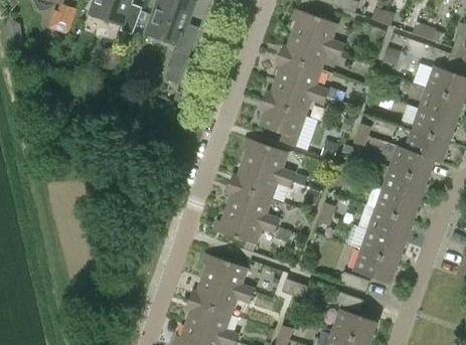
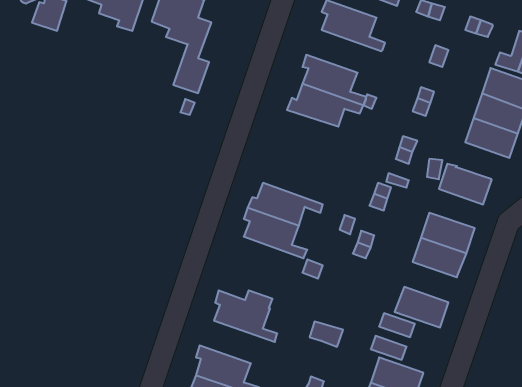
building: [278,33,349,69] -> none
building: [259,101,305,146] -> none
building: [404,128,449,163] -> none
building: [242,137,309,185] -> none
building: [381,167,427,200] -> none
building: [212,207,276,244] -> none
building: [360,228,405,263] -> none
building: [188,278,252,314] -> none

